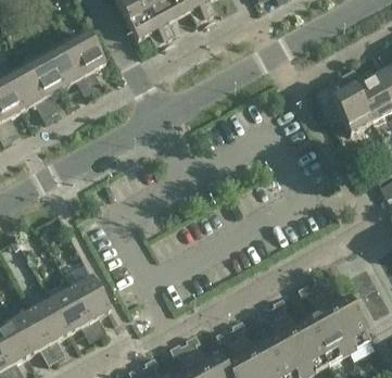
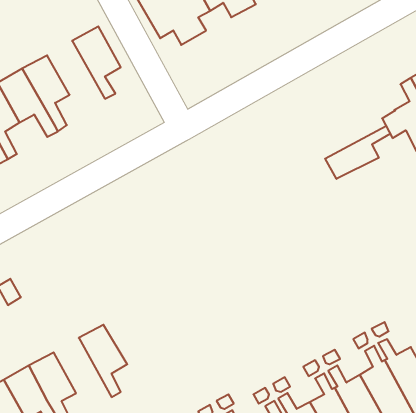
building: [46,41,93,95] -> none
building: none -> [325,126,390,179]
building: [51,287,99,340] -> none

